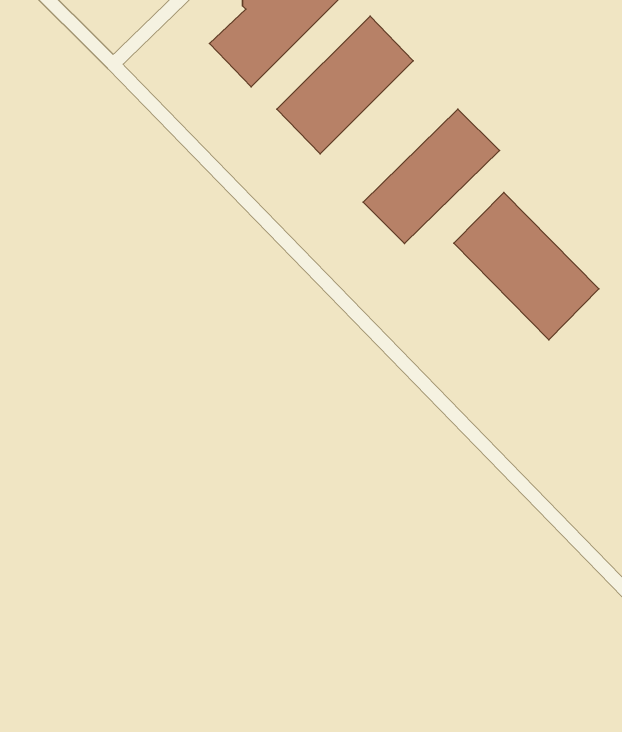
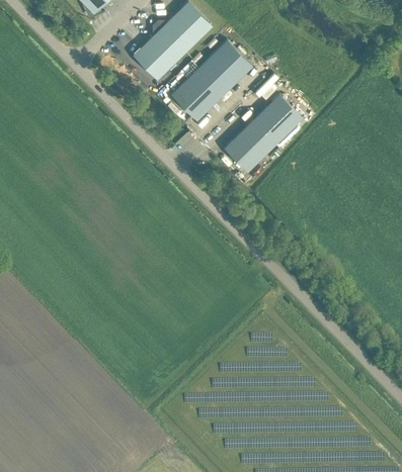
building: [454,192,599,340] -> none

